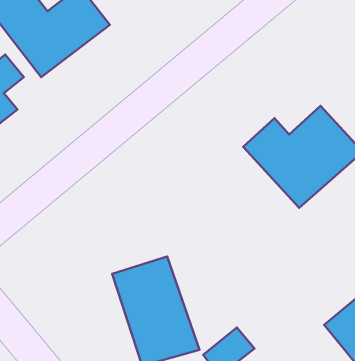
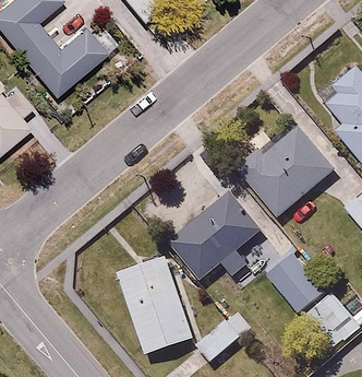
building: none -> [170,188,265,278]
building: none -> [263,256,322,315]

